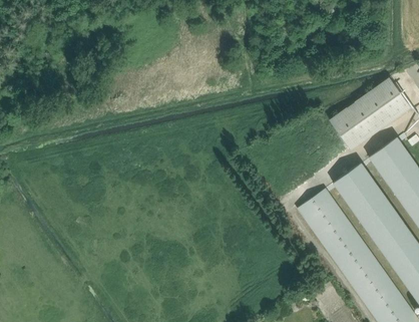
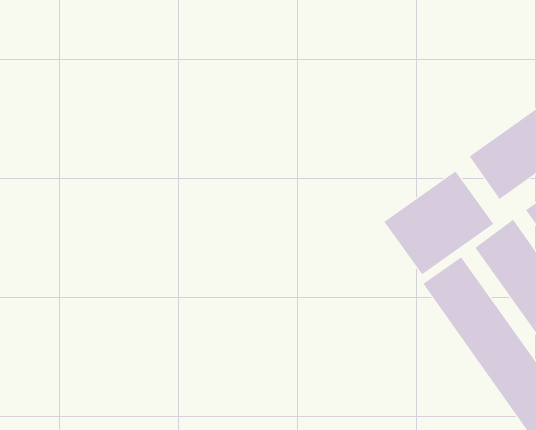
building: none -> [384,170,494,275]

